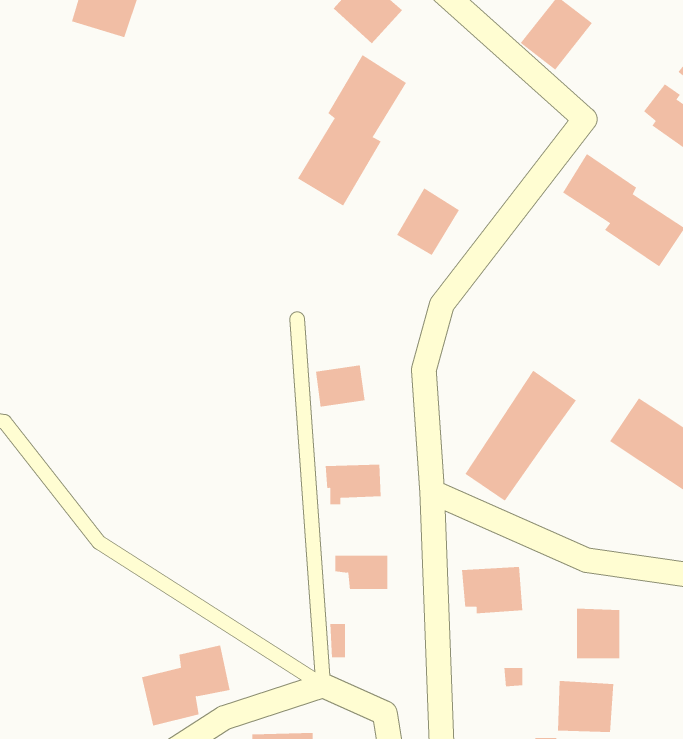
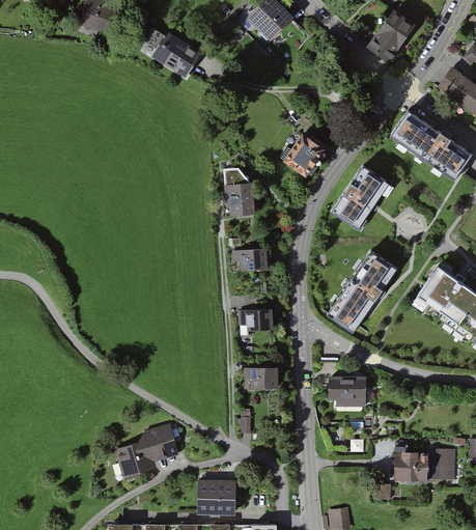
building: none -> [150,35,197,76]
building: [297,54,407,206] -> none
building: none -> [333,165,392,230]
building: none -> [221,167,253,216]
building: [576,608,620,659] -> [426,446,454,478]

